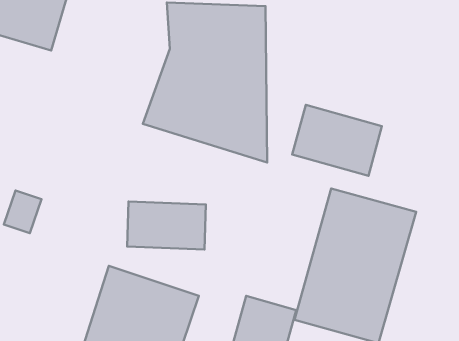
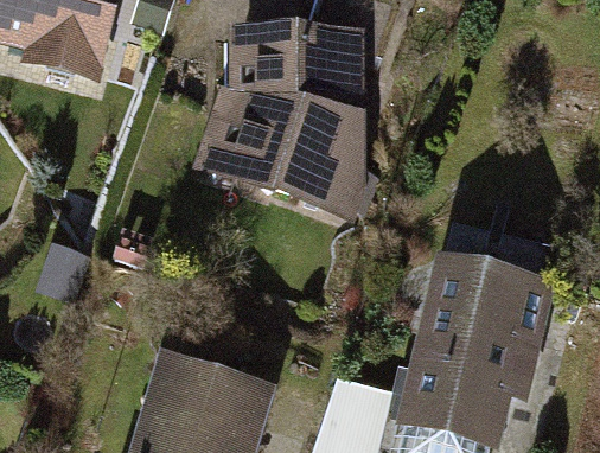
building: [292,105,382,176] -> none
building: [127,201,206,249] -> none

